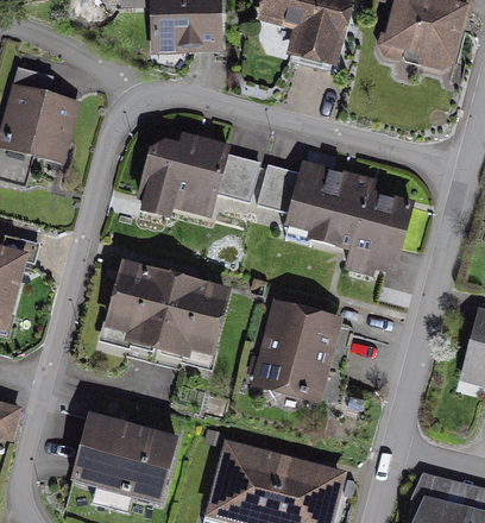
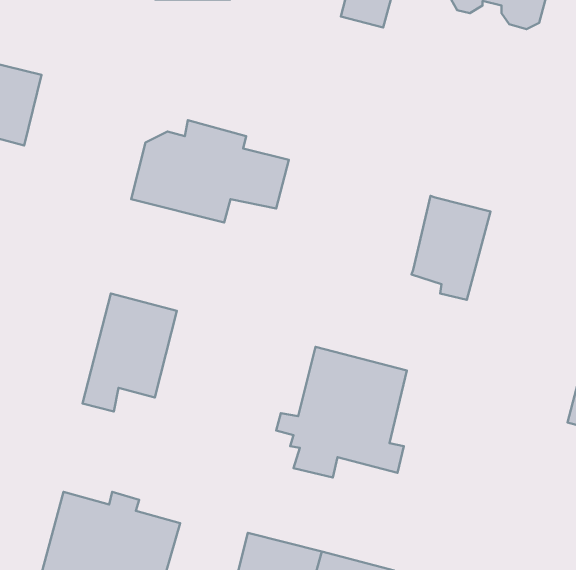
building: [257,163,373,246] -> none
building: [158,277,225,373] -> none

